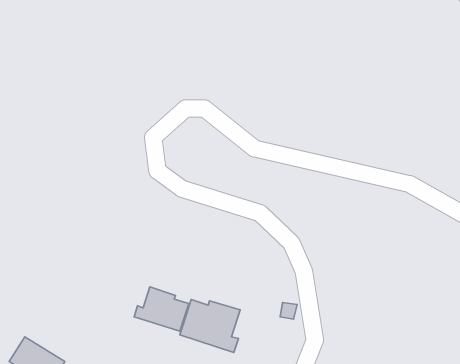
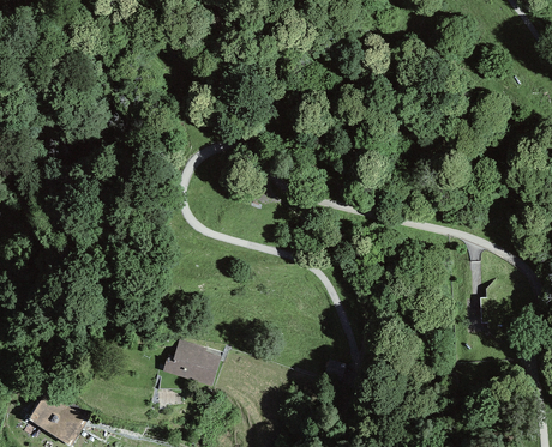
building: [180,300,240,352] -> none

